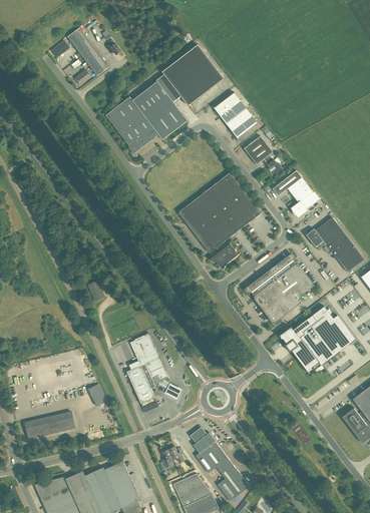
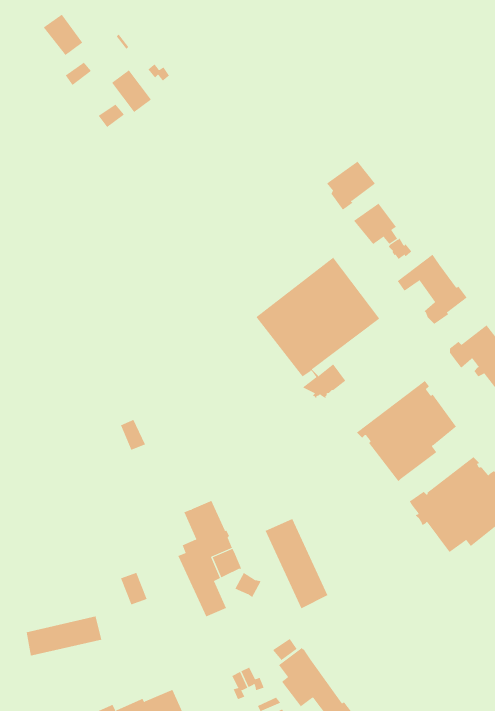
building: [66,28,93,56] -> [43,14,83,56]
building: [105,45,223,153] -> none
building: [213,92,246,123] -> none
building: none -> [265,518,328,609]

